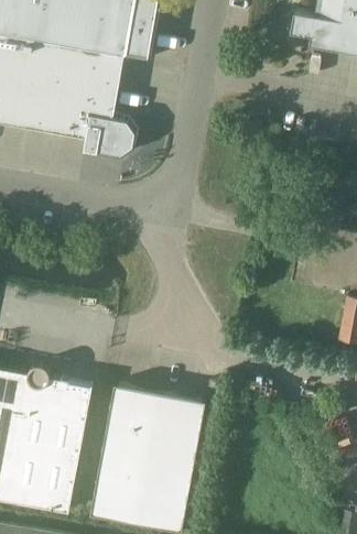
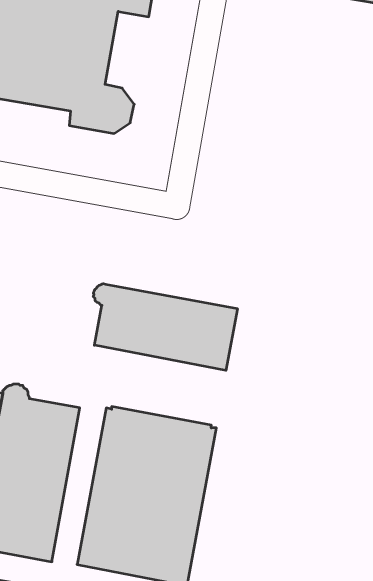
building: none -> [93,284,237,370]

